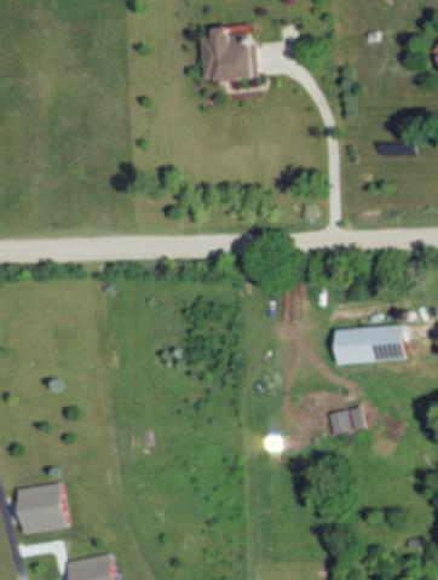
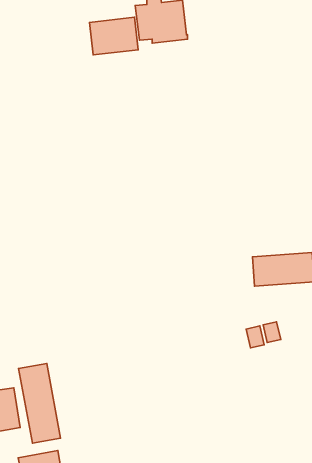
building: none -> [90,17,138,55]
building: none -> [19,363,61,443]

